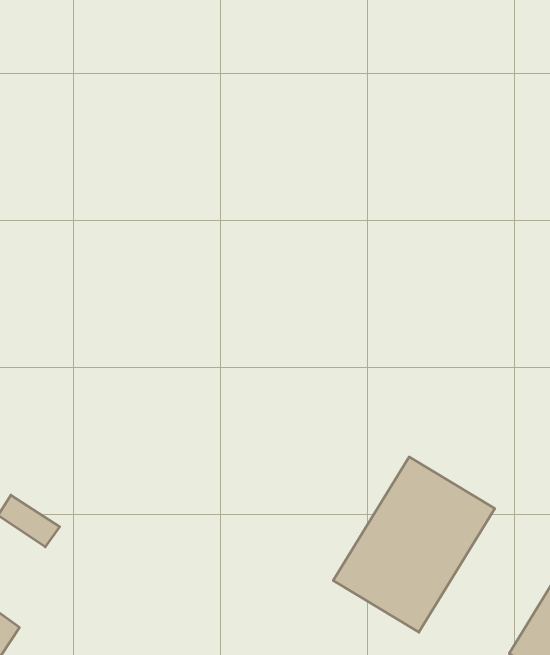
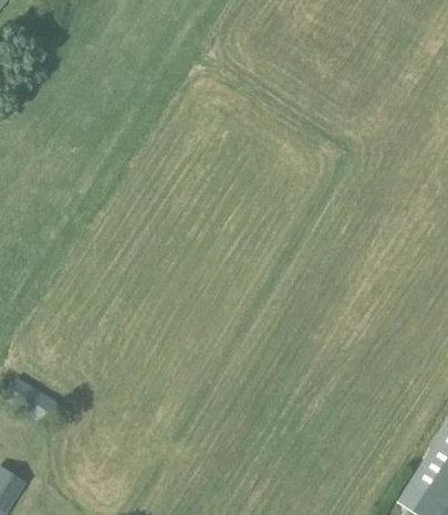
building: [333,457,495,632] -> none

